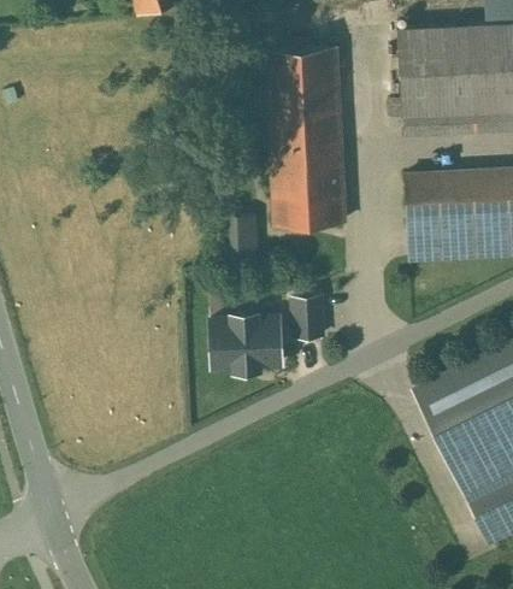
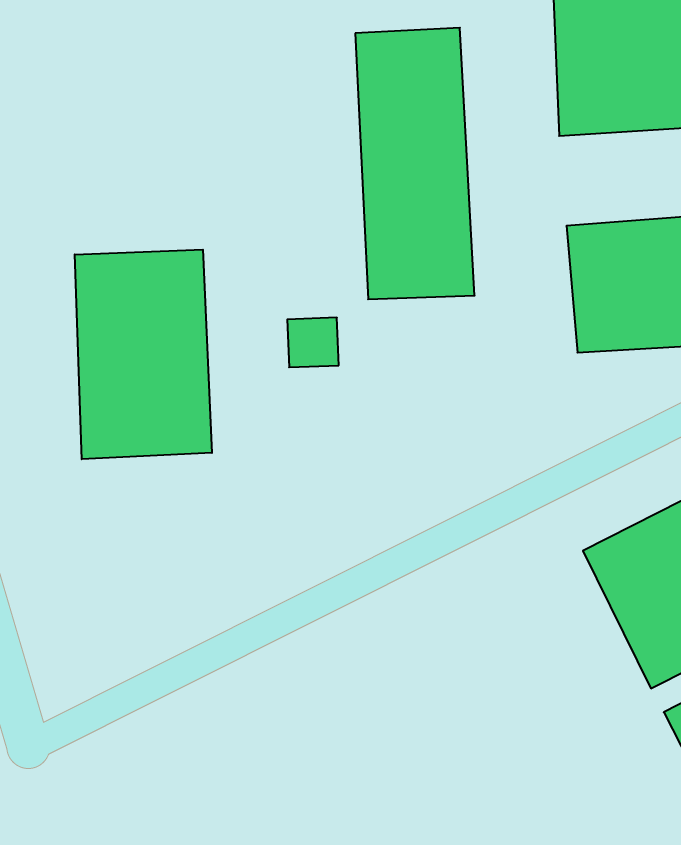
building: none -> [75,250,212,459]
building: [293,299,324,338] -> none
building: [212,314,282,372] -> none

